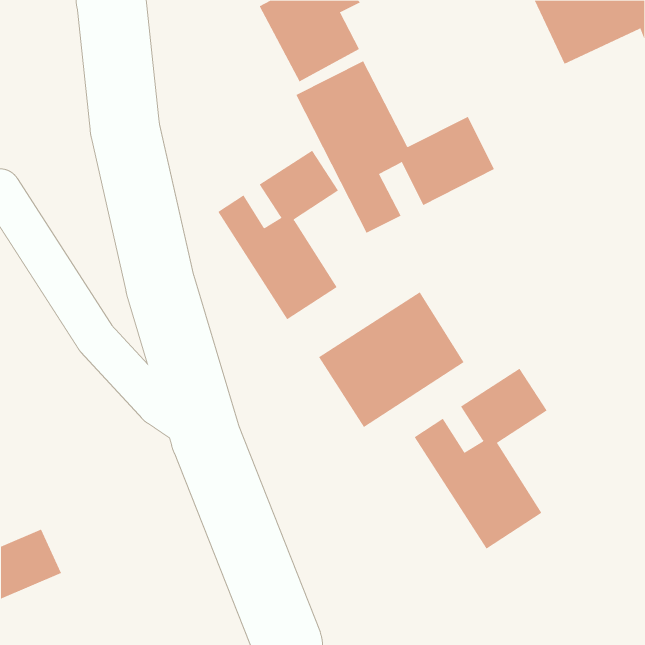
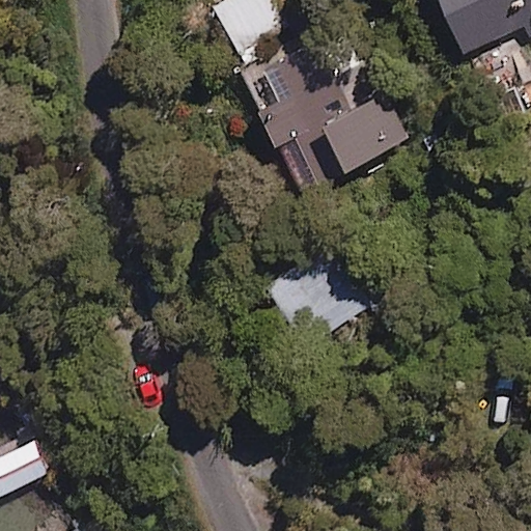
building: [218,150,339,320] -> none
building: [414,368,547,550] -> none

